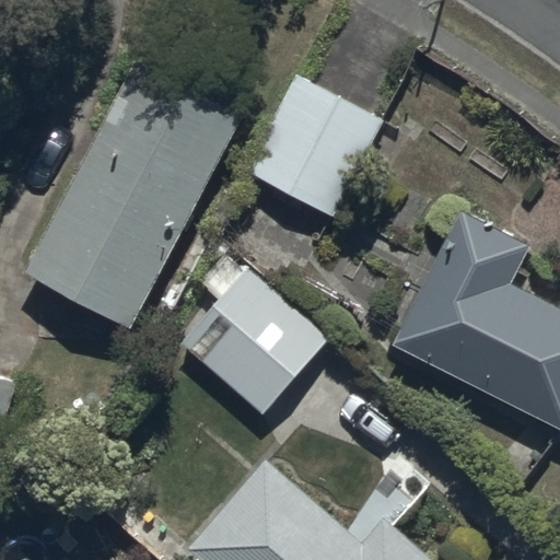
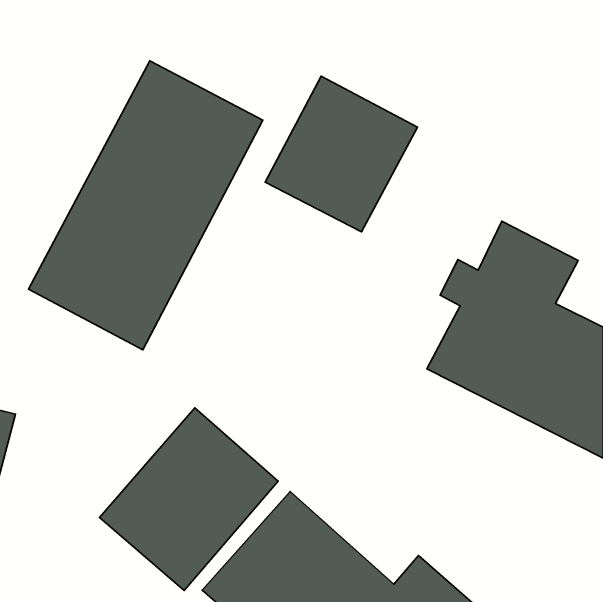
building: [180,271,325,415] -> none
building: none -> [100,408,278,591]

